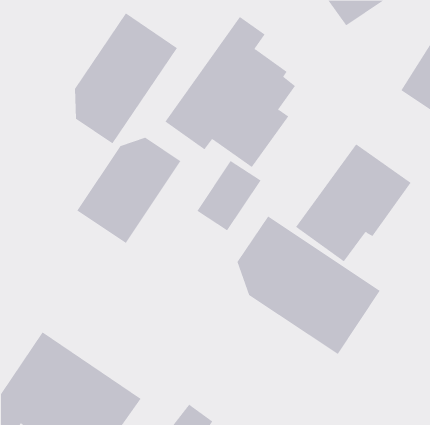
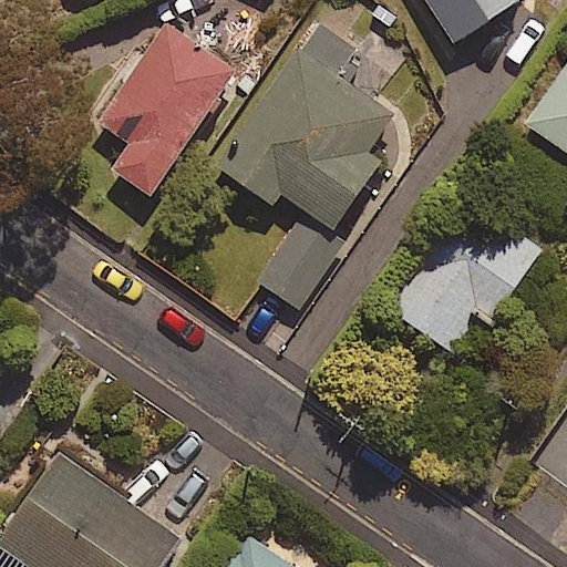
building: [77,137,181,244] -> none
building: [237,216,380,355] -> none

